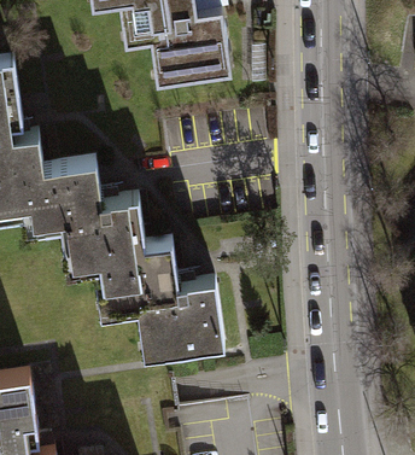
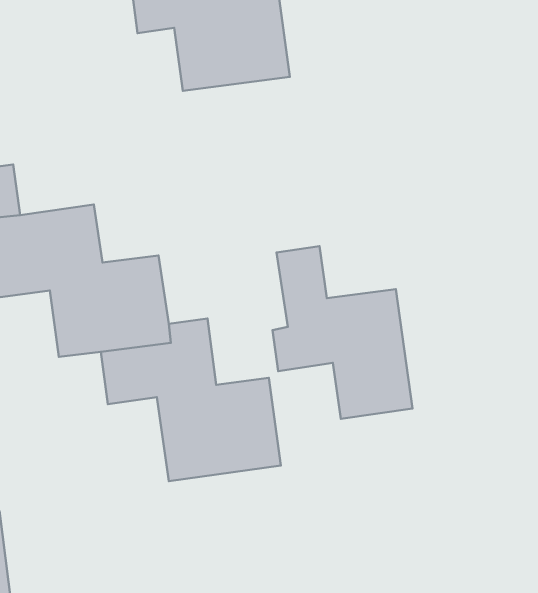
building: none -> [272,246,413,419]

